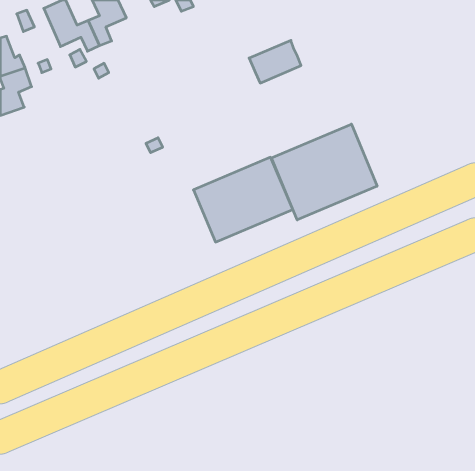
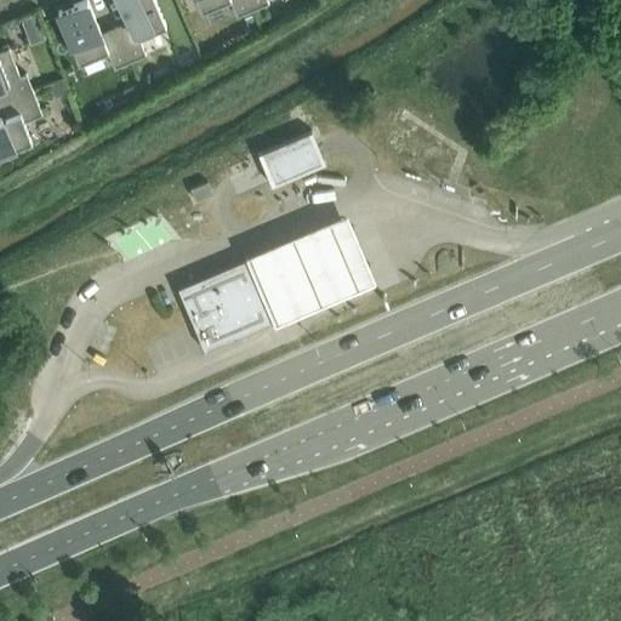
building: [249,40,301,83] -> [257,135,325,190]
building: [271,124,377,220] -> none
building: none -> [177,260,277,358]

